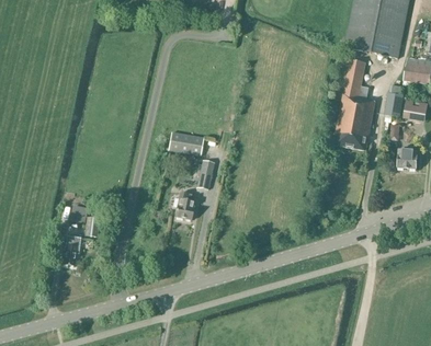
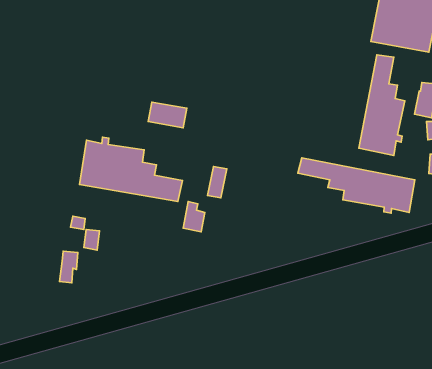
building: [168,131,203,154] -> [148,102,187,128]
building: none -> [79,137,182,201]
building: none -> [298,158,415,213]

